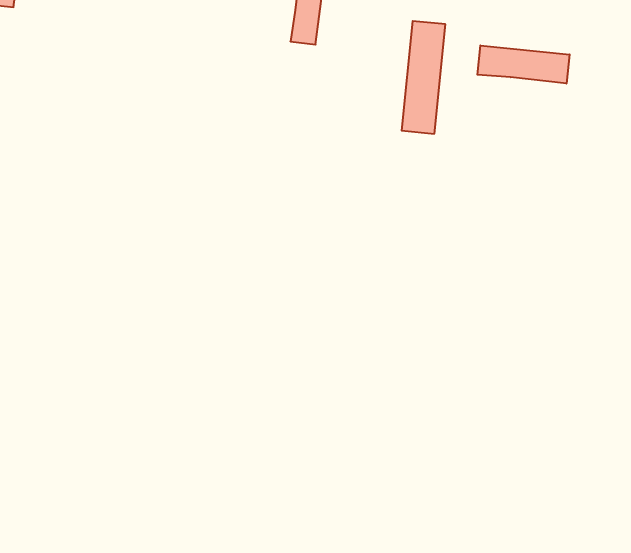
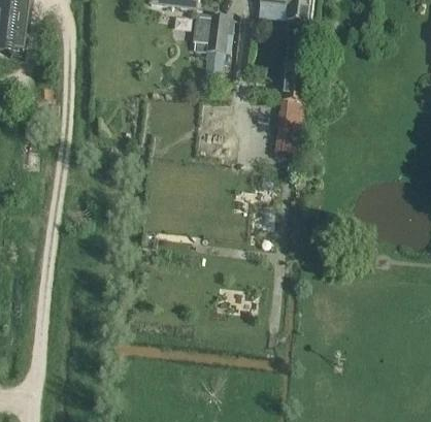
building: [477,45,570,84] -> none

